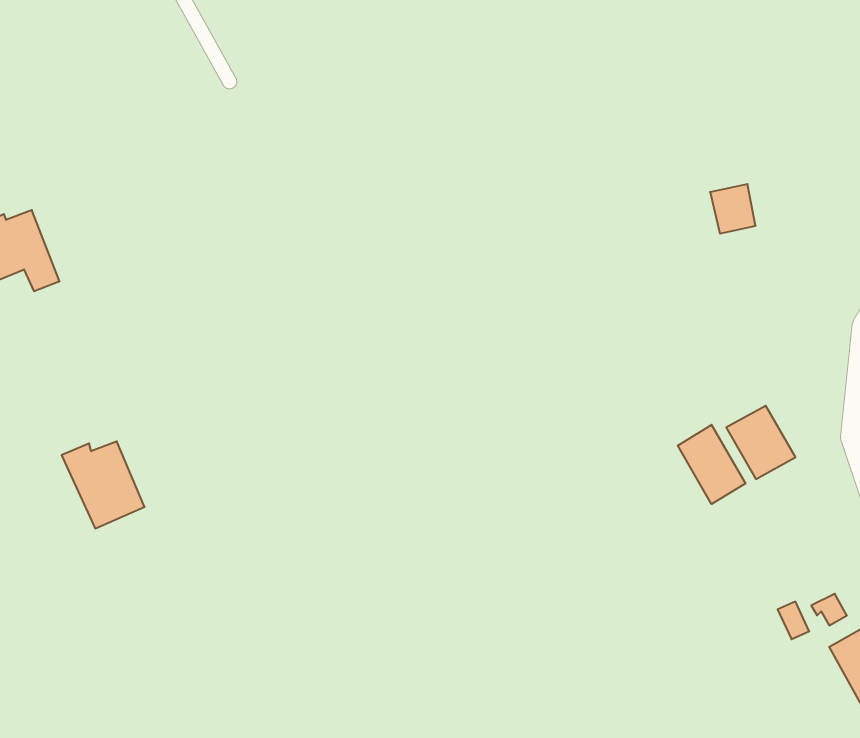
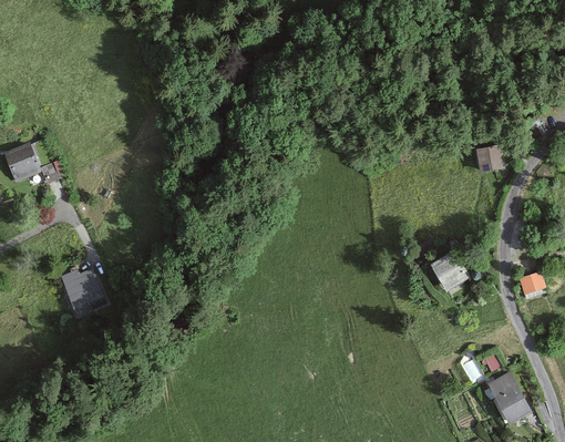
building: [710,184,756,234] -> [476,146,502,174]
building: [678,425,745,504] -> none

